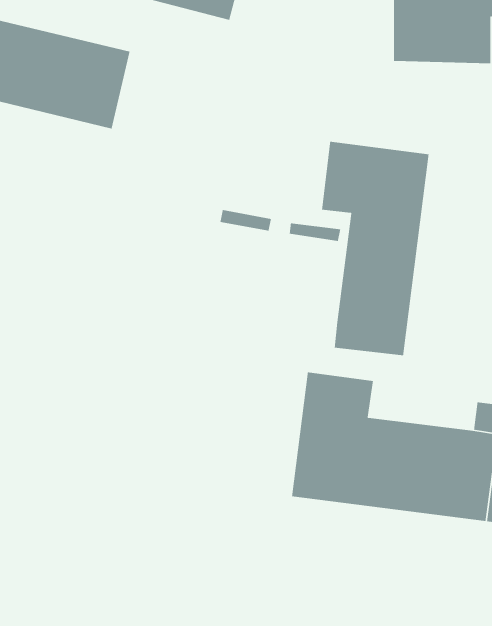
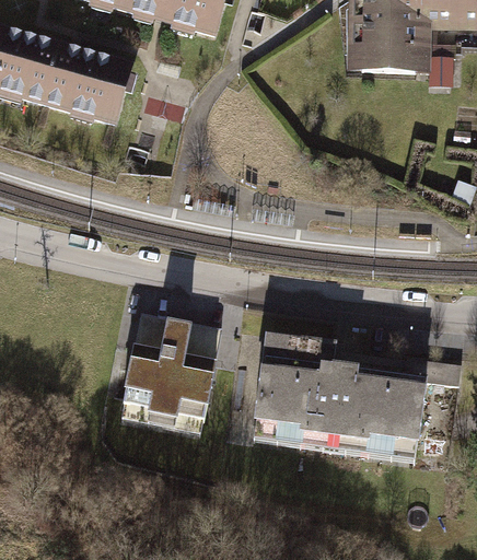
building: [321,141,430,356] -> none
building: none -> [107,315,223,433]

